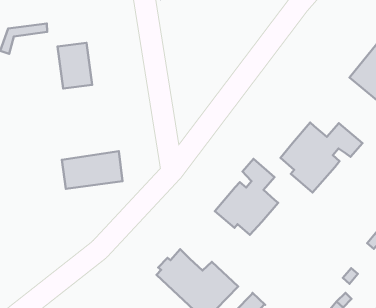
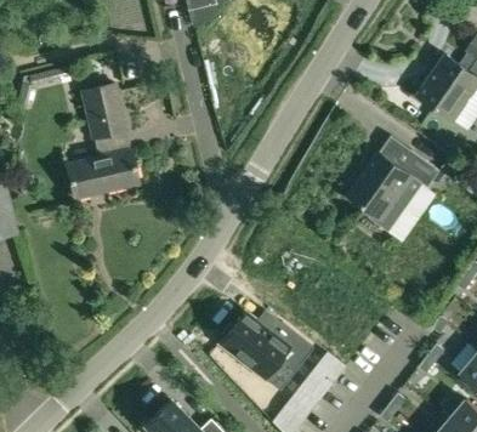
building: [62,151,123,189] -> [66,149,137,198]
building: [215,159,278,235] -> none

